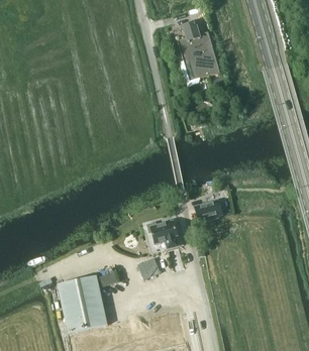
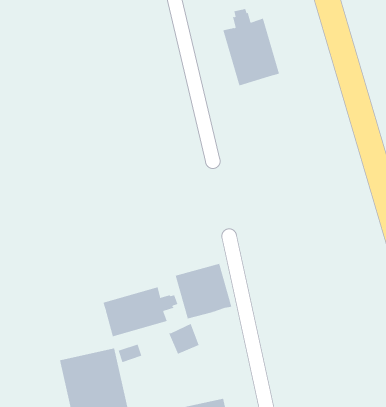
building: [194,198,221,219] -> none
building: none -> [103,287,178,337]

